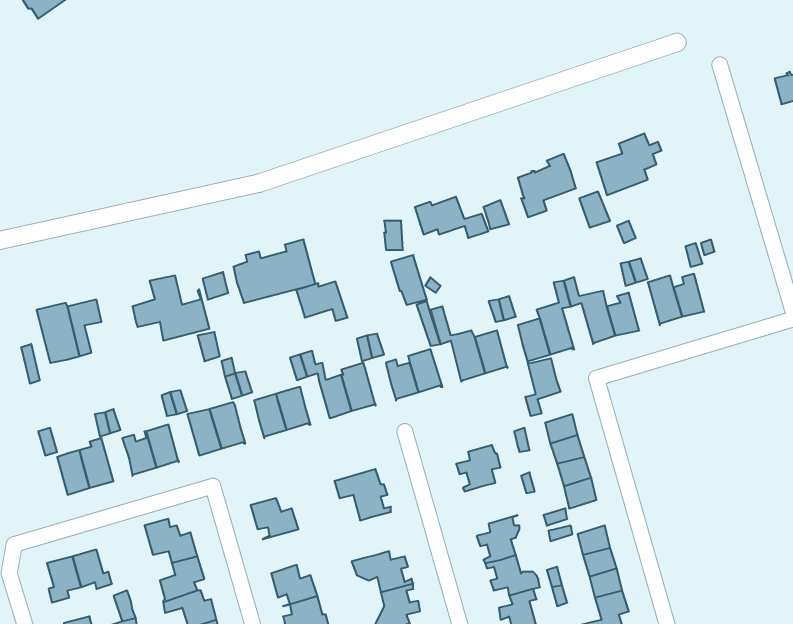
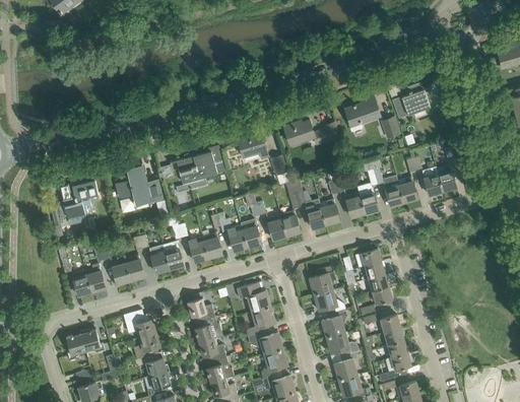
building: [296,282,348,321] -> [238,136,268,159]
building: [525,358,561,416] -> none
building: none -> [314,290,345,315]
building: none -> [246,308,275,337]
building: none -> [194,318,223,344]

